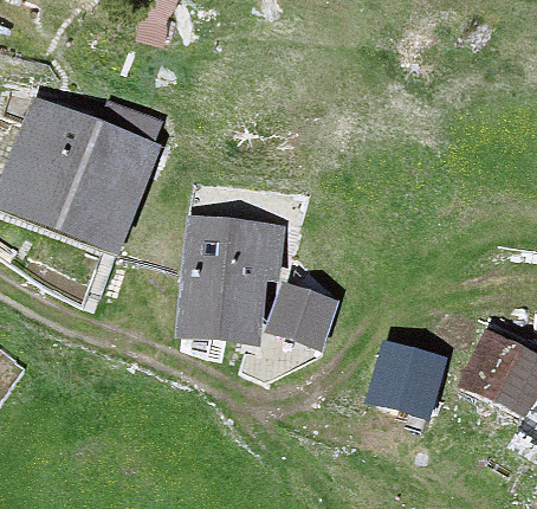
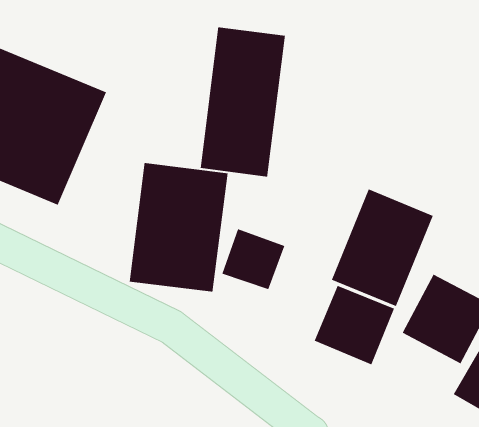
building: none -> [200,26,285,177]
building: none -> [331,189,434,307]

